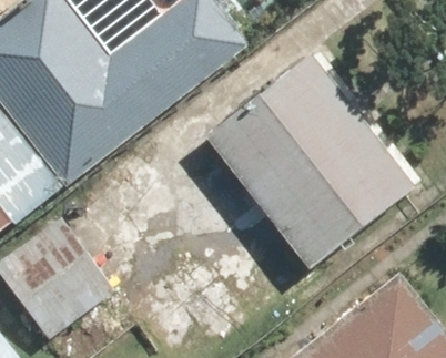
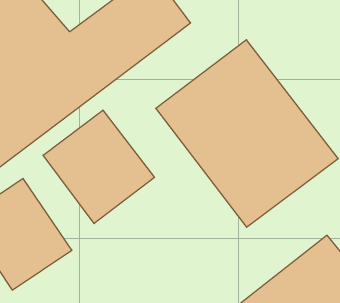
building: none -> [43,110,154,224]

